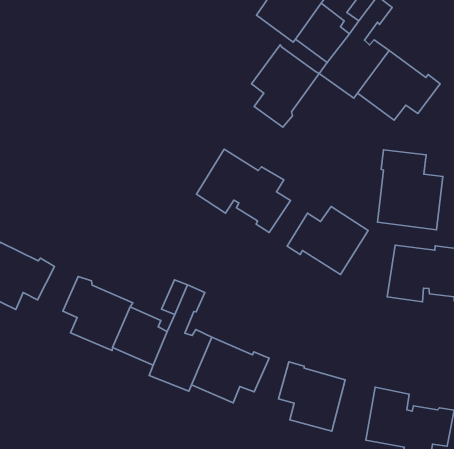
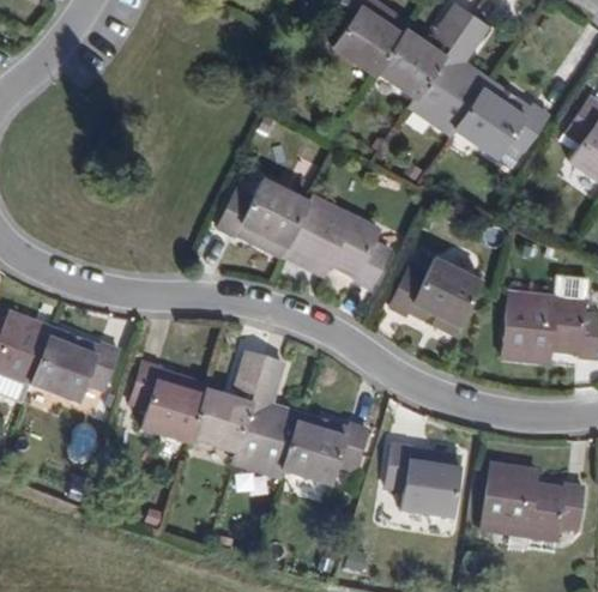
building: [252,45,319,127] -> none
building: none -> [215,180,304,256]
building: [378,150,443,230] -> none

